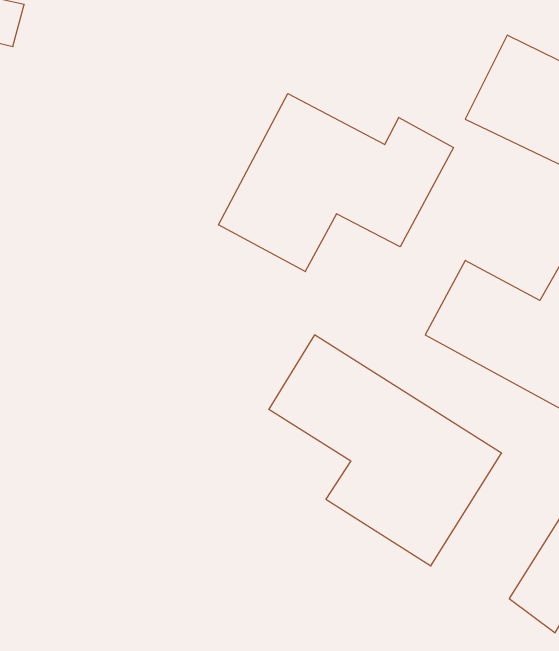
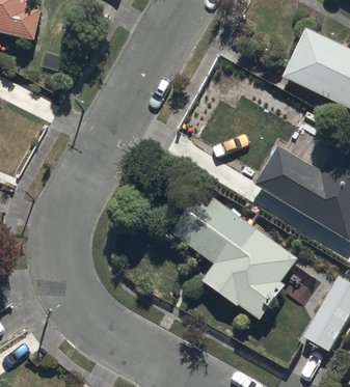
building: [218,94,454,272] -> none

